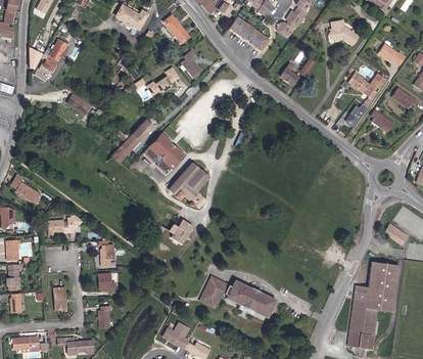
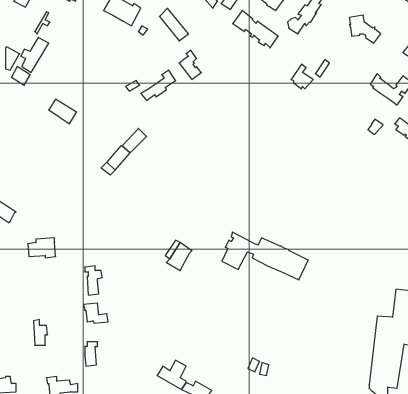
building: [144,134,184,174] -> none
building: [169,162,209,209] -> none
building: [200,275,276,317] -> [222,232,308,280]

